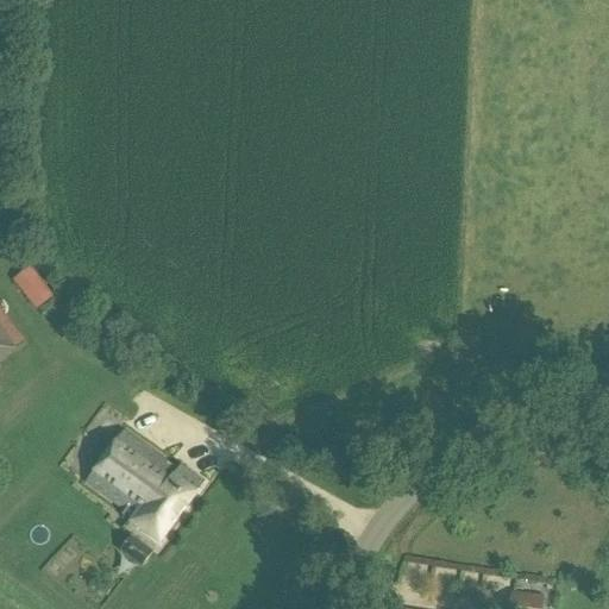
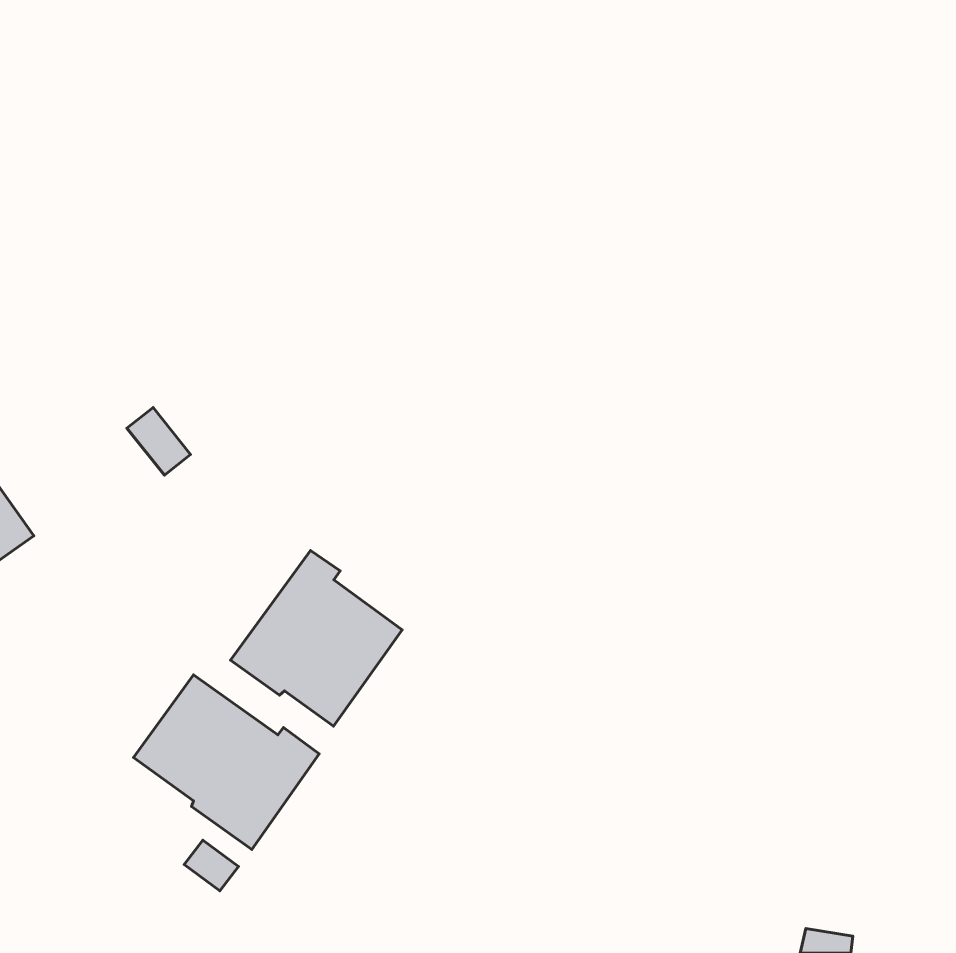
building: [11,263,51,306] -> [127,407,191,475]
building: none -> [231,550,402,726]

